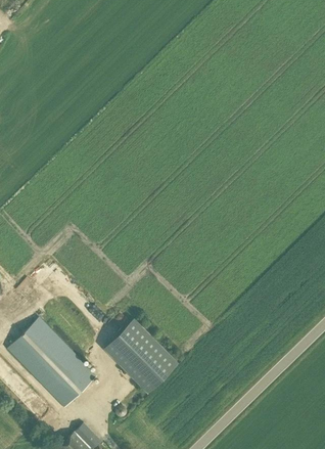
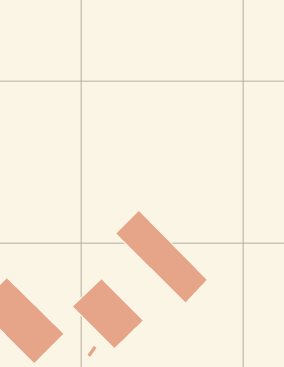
building: none -> [116,210,207,303]

